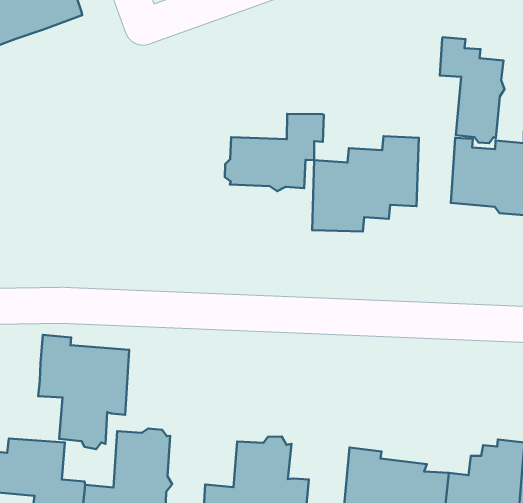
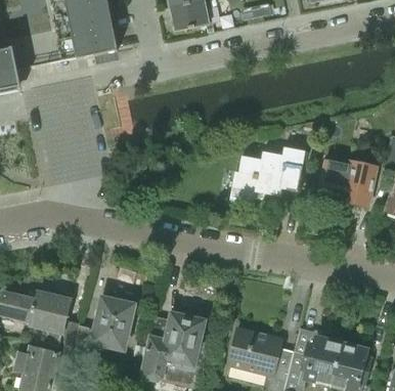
building: [440,37,504,143] -> none
building: [225,114,324,191] -> none
building: [38,335,129,449] -> none

